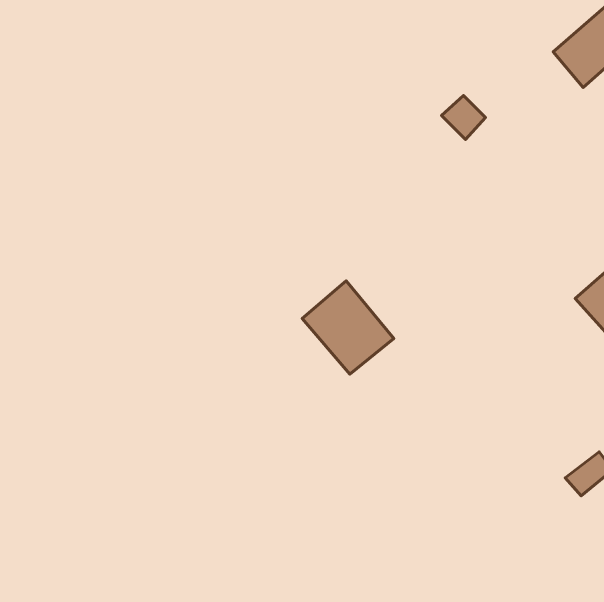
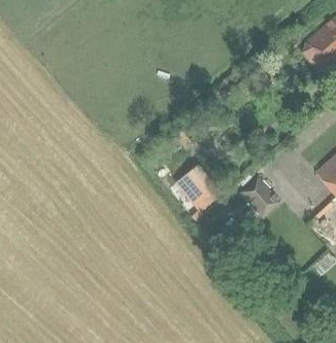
building: none -> [238,175,280,217]

